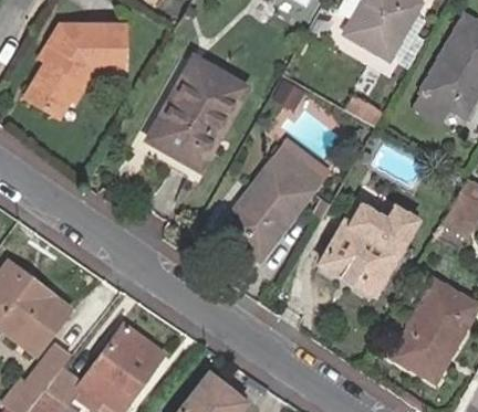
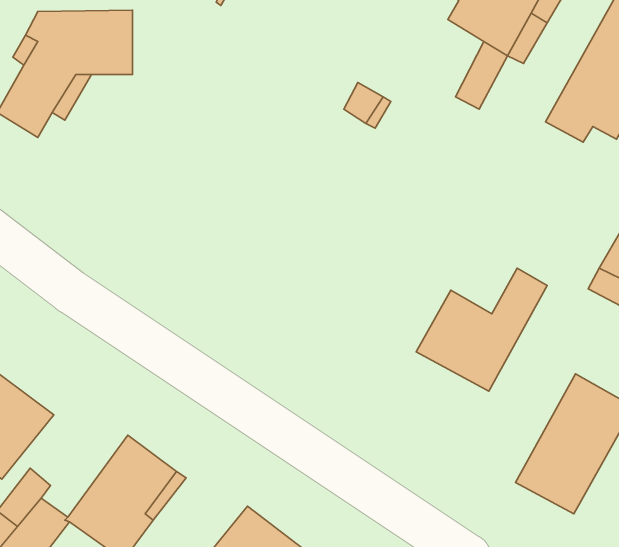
building: [148,57,245,170] -> none
building: [221,140,326,260] -> none

